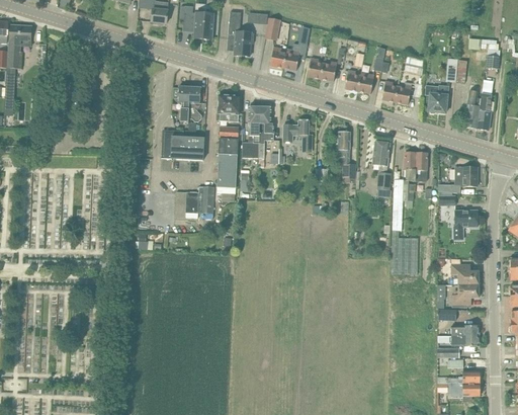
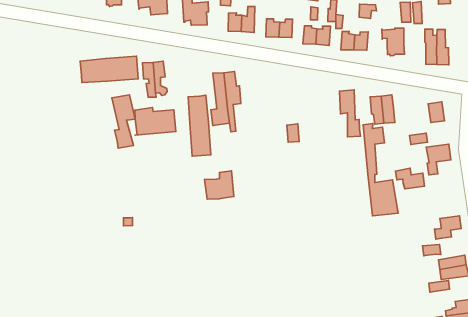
building: none -> [80,56,138,83]
building: [218,94,240,127] -> none
building: none -> [112,95,135,148]
building: [283,118,312,151] -> none
building: [338,132,355,181] -> none
building: [186,186,214,213] -> [205,171,234,199]
building: [451,263,479,283] -> [396,168,425,189]

